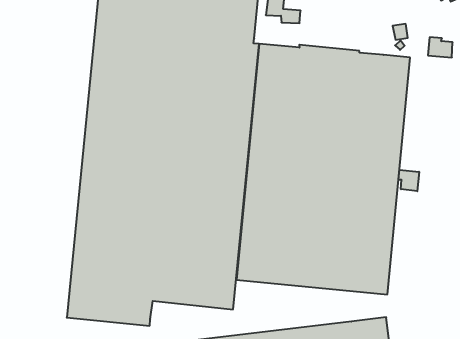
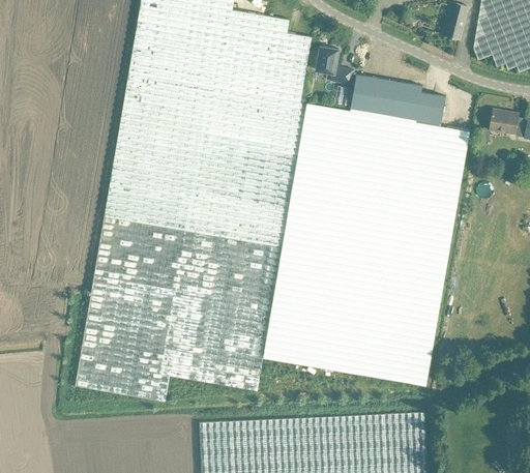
building: none -> [350,73,446,124]
building: [398,170,419,191] -> none

